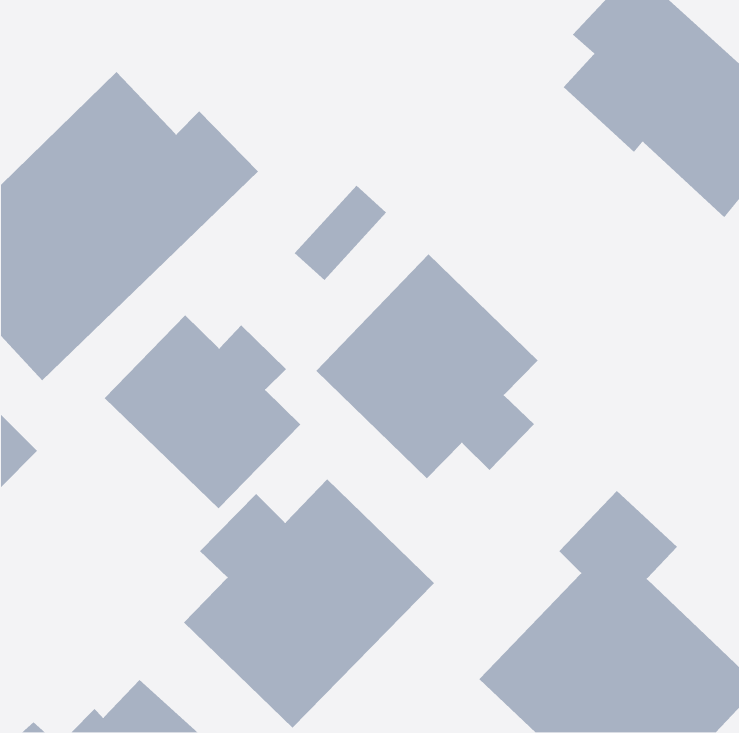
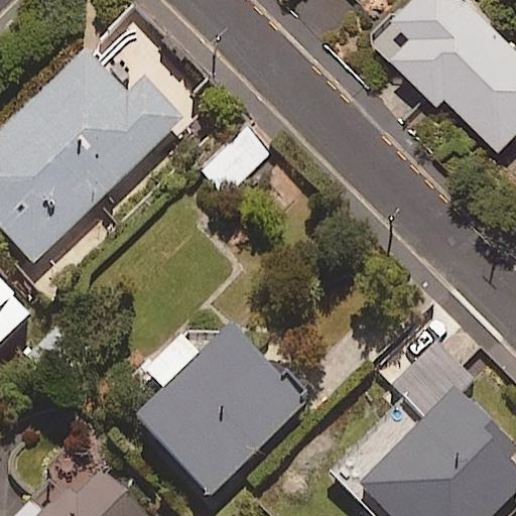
building: [315,254,538,479] -> none
building: [104,315,301,509] -> none

